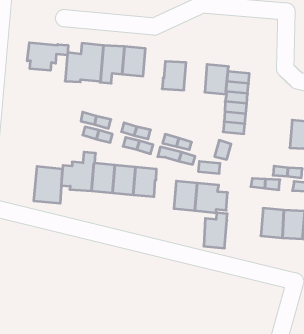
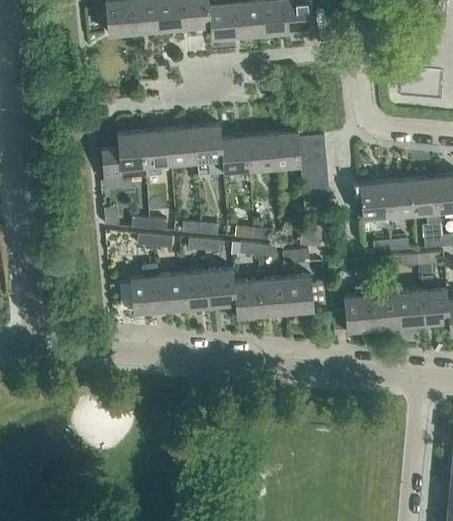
building: [27,43,68,70] -> none
building: none -> [194,125,223,174]
building: none -> [246,133,275,169]
building: none -> [359,182,390,228]
building: [34,166,62,203] -> none
building: none -> [234,280,263,316]
building: [204,213,227,248] -> [343,286,373,330]

